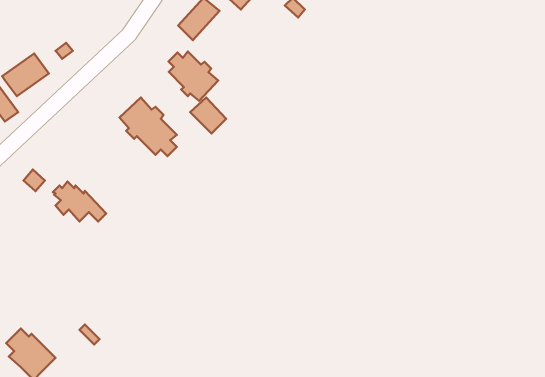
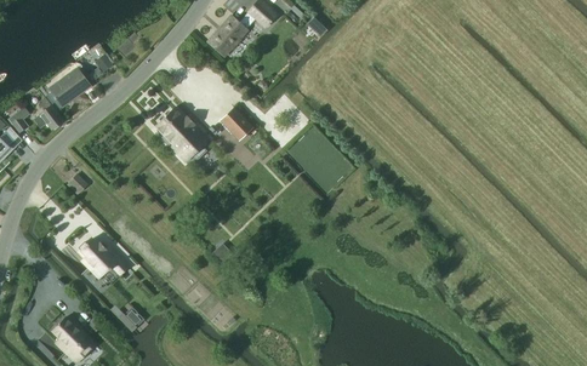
building: [168,52,218,101] -> none
building: [53,181,106,221] -> [79,238,127,274]

